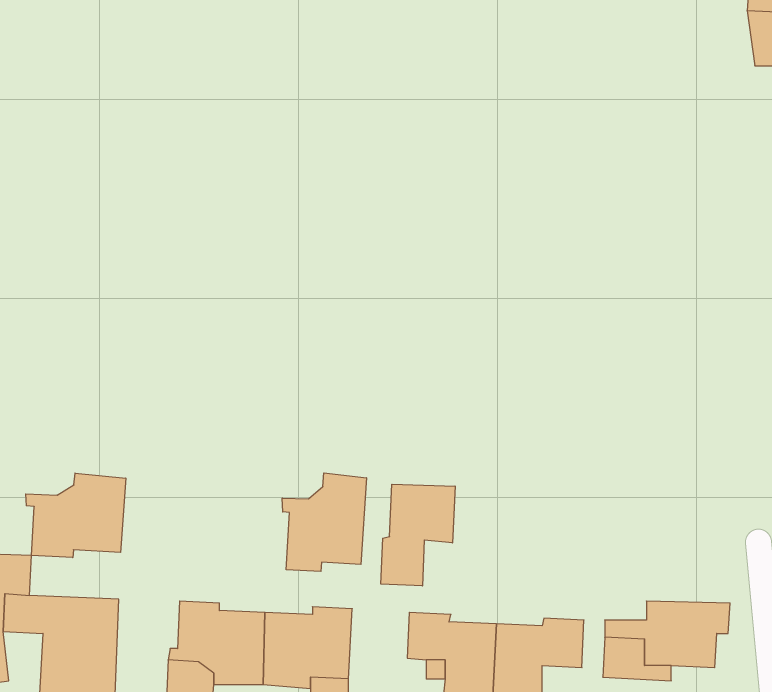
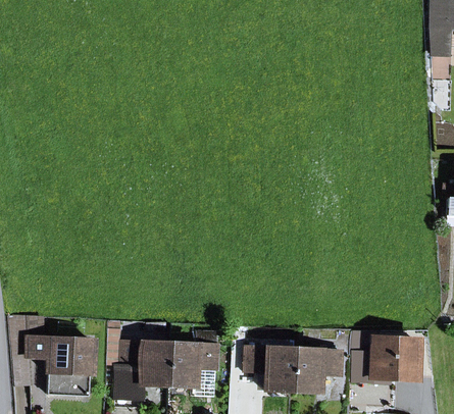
building: [282,473,366,571] -> none
building: [26,473,126,558] -> none
building: [381,484,455,586] -> none

